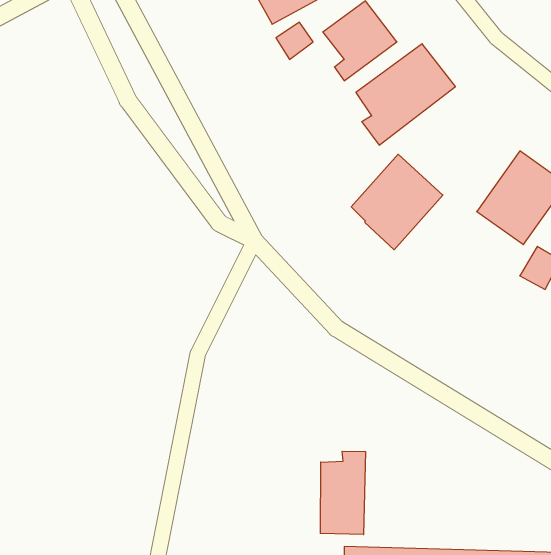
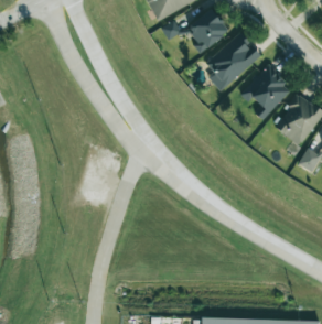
building: [351,154,443,250] -> [240,65,292,119]
building: [320,451,366,535] -> none

